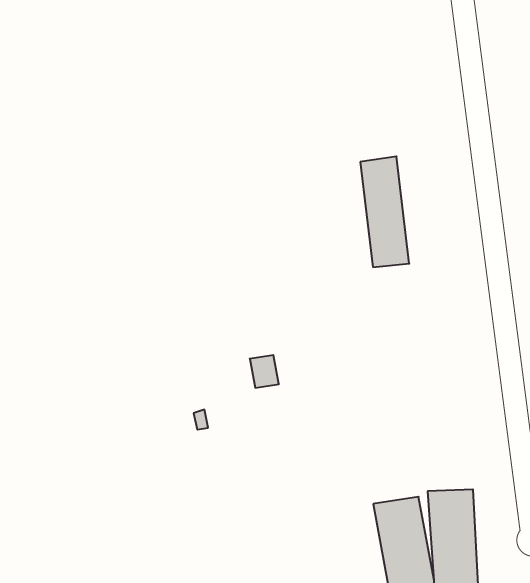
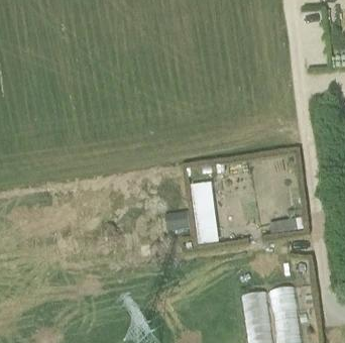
building: [360,156,409,267] -> [191,182,218,243]

